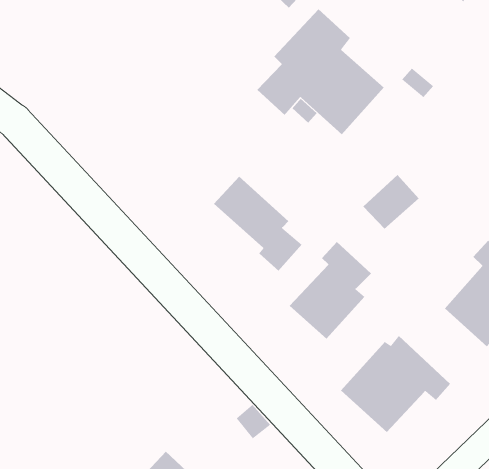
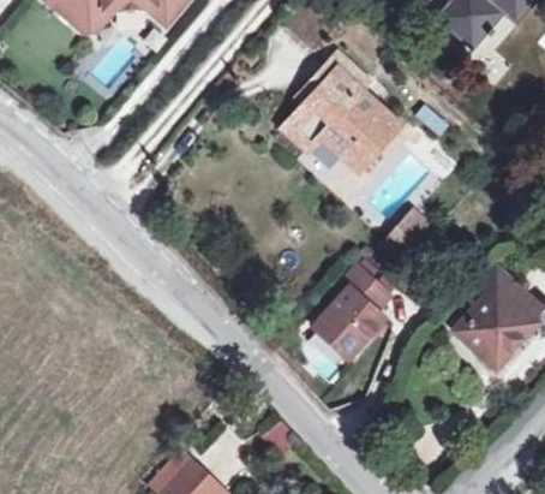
building: [213,176,302,271] -> none
building: [340,335,451,433] -> none

